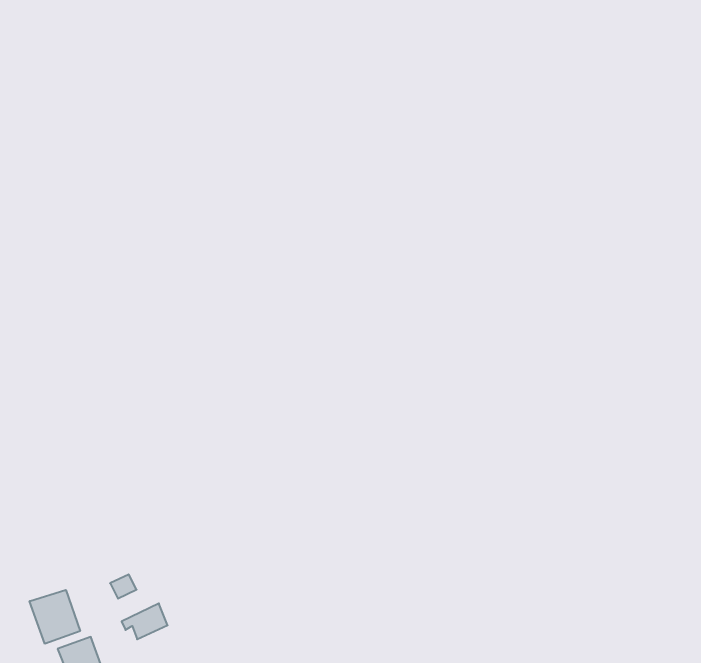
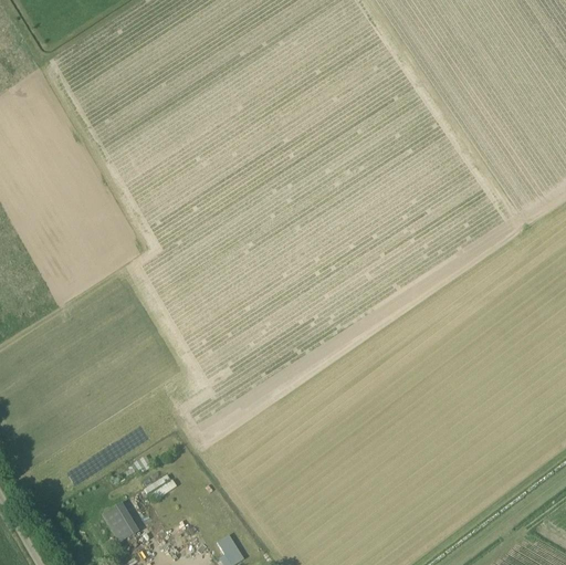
building: [30,590,80,644] -> none

